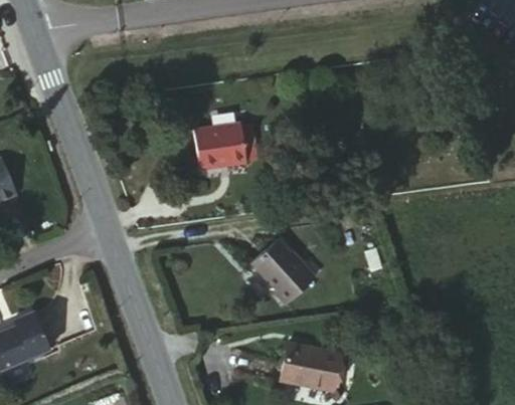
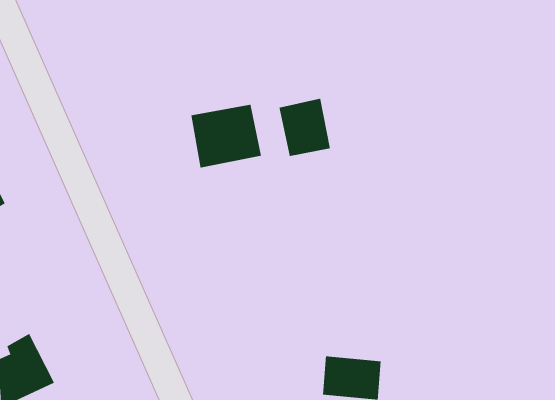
building: none -> [279,98,331,157]
building: [247,240,307,297] -> none

